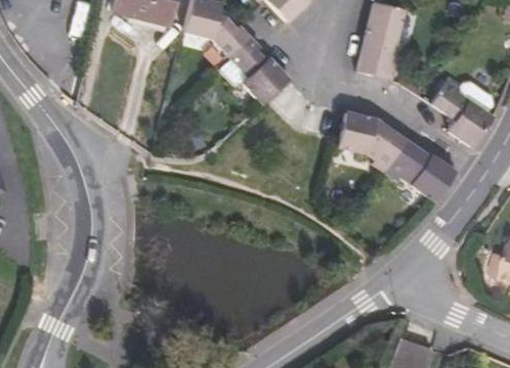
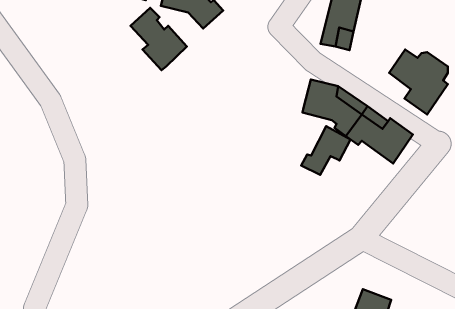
building: [229,36,291,103] -> [130,8,187,70]
building: none -> [301,126,350,175]

